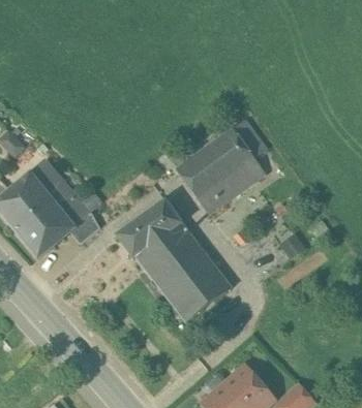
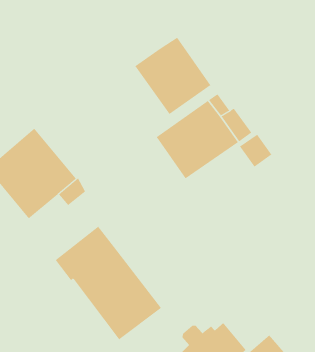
building: none -> [135,37,211,115]
building: none -> [239,134,272,167]
building: [116,199,232,323] -> [55,226,162,340]

